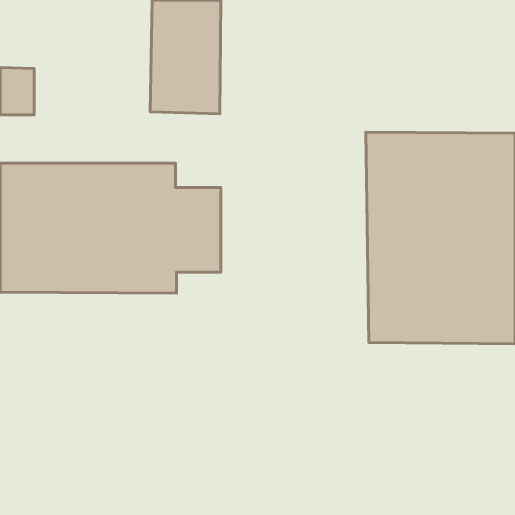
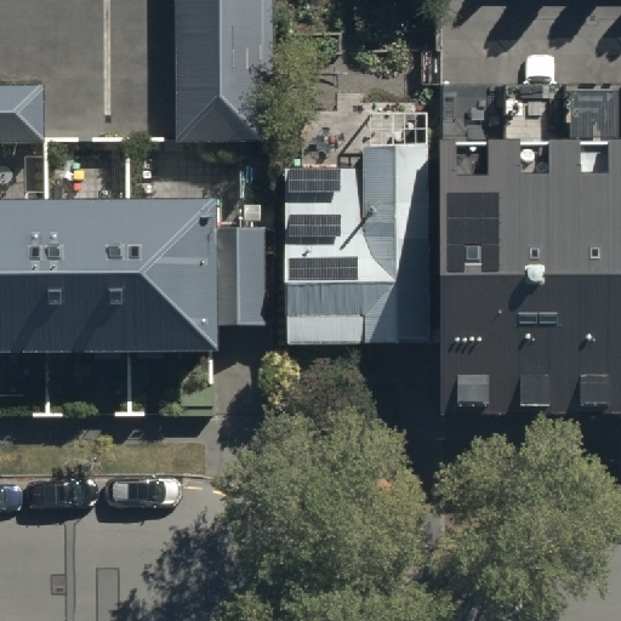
building: none -> [284,142,432,338]

